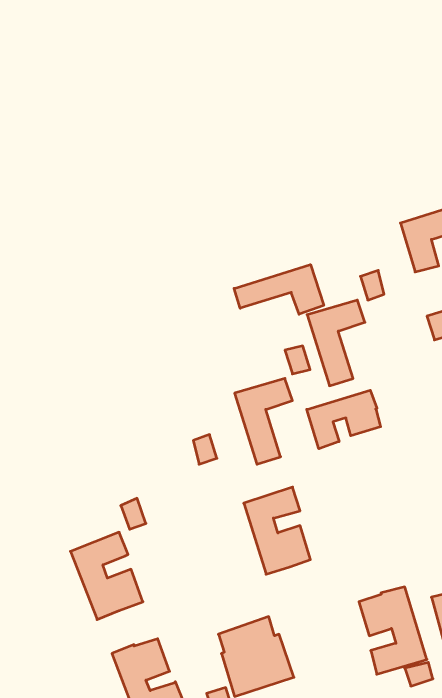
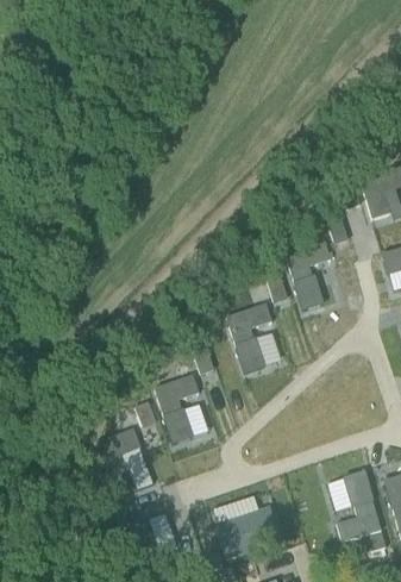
building: [234,265,324,314] -> none
building: [307,390,381,449] -> none
building: [244,487,310,574] -> [155,375,208,445]

